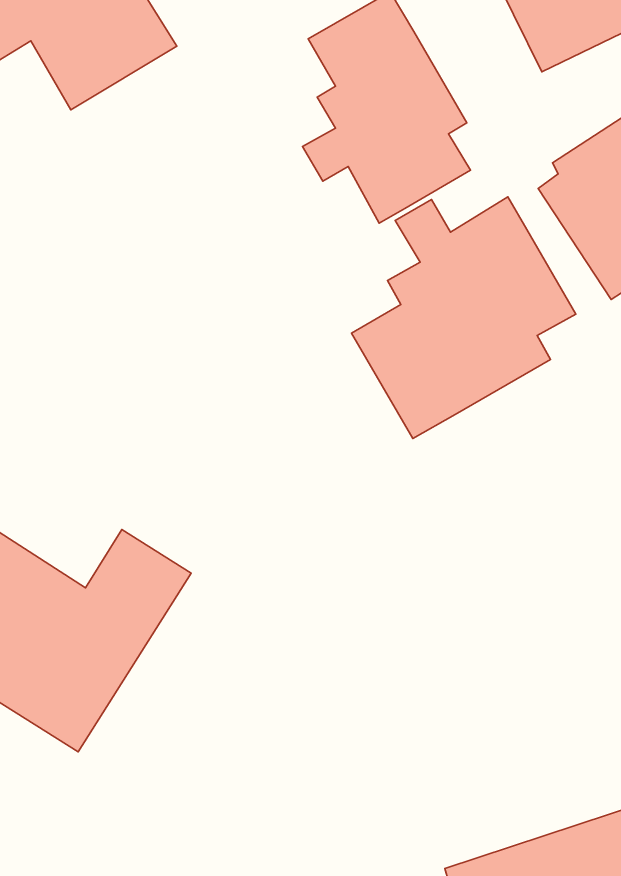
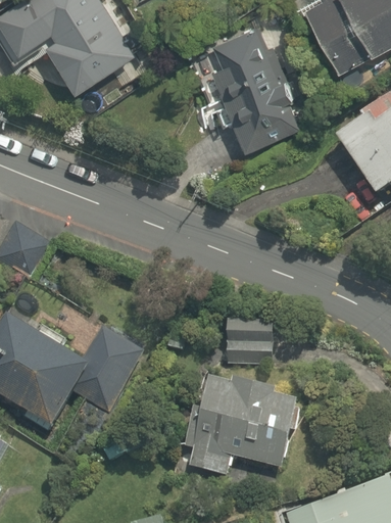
building: [352,197,576,439] -> none
building: none -> [223,321,277,363]
building: none -> [185,377,295,478]

